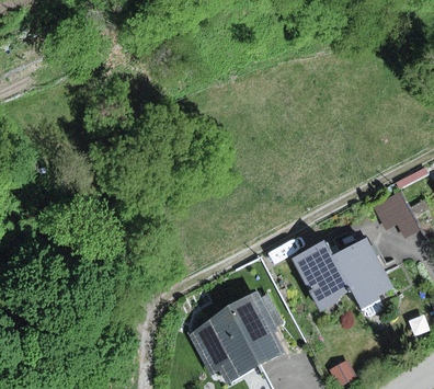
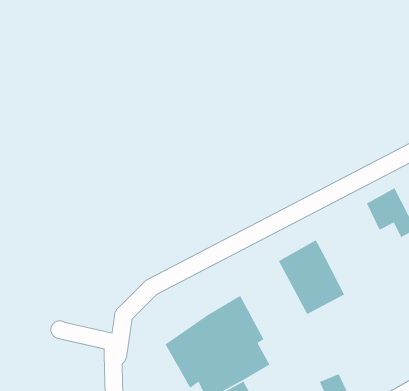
building: [335,237,395,306] -> none

